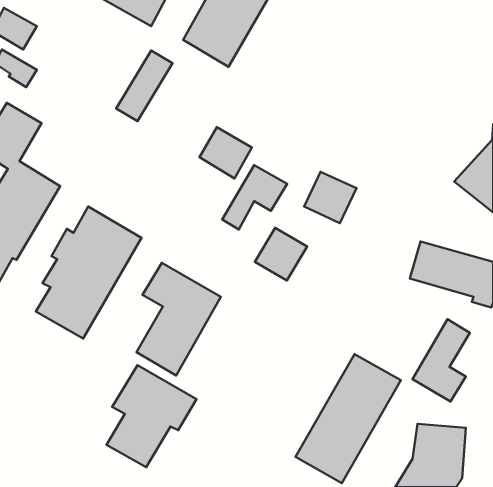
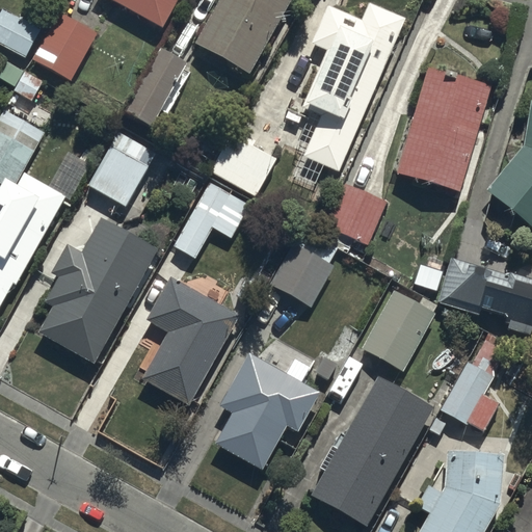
building: none -> [305,4,399,168]
building: none -> [36,17,95,76]
building: none -> [399,71,487,191]
building: none -> [91,148,148,203]
building: [222,165,287,229] -> [177,183,246,251]
building: none -> [363,293,429,365]
building: [106,365,197,467] -> [220,357,317,467]

